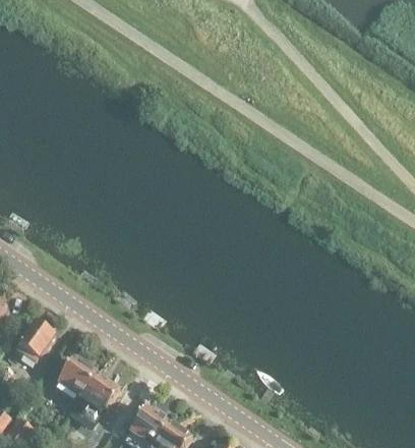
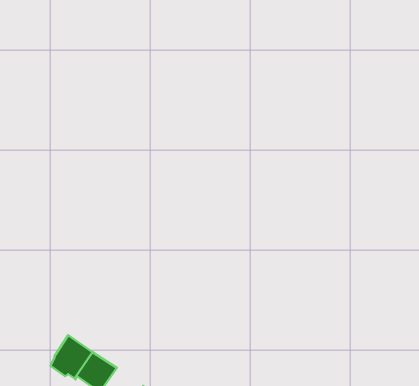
building: [15,320,55,357] -> none

